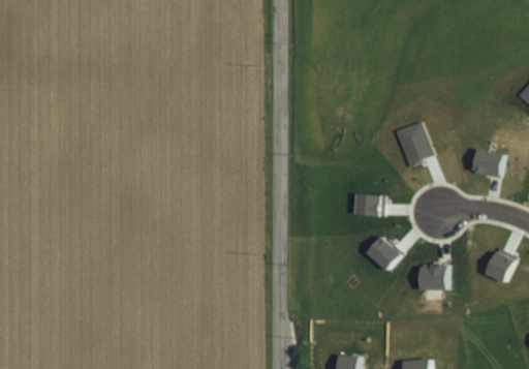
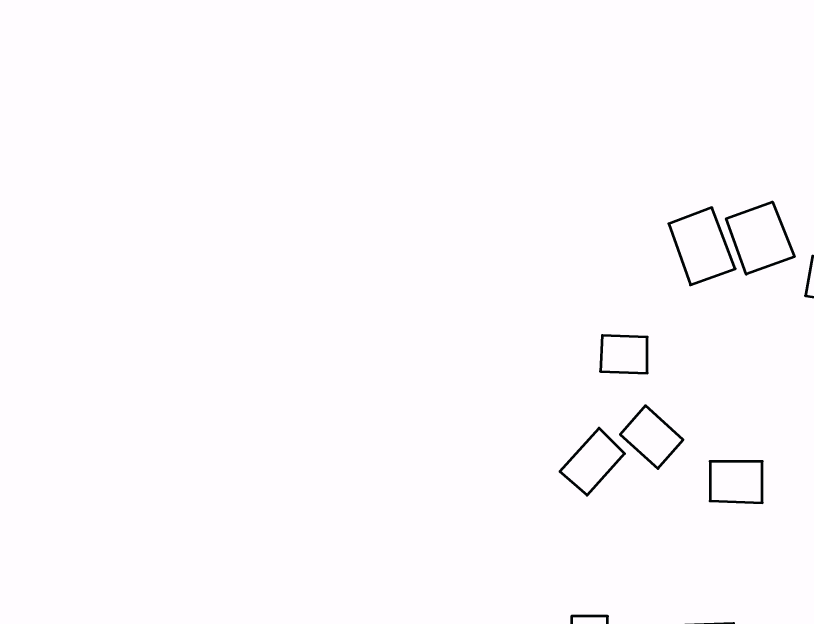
building: none -> [726,202,794,274]
building: none -> [560,428,625,495]

